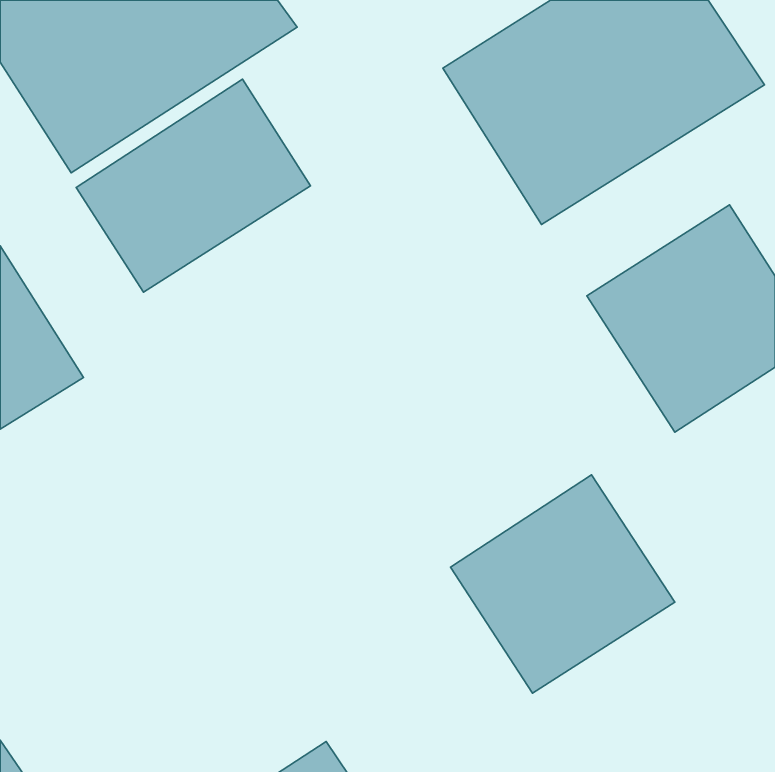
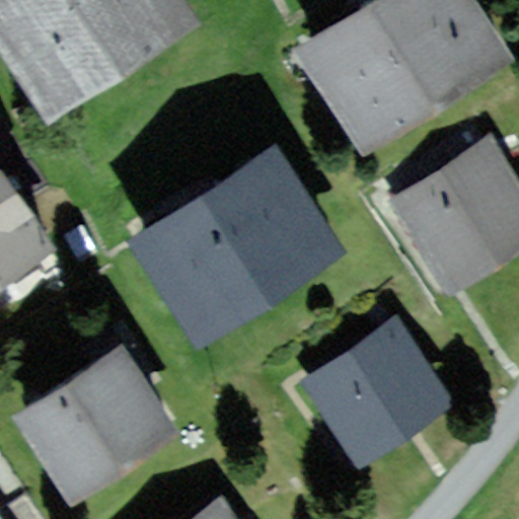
building: [76,79,311,292] -> none
building: none -> [131,148,341,343]
building: none -> [12,346,177,504]

